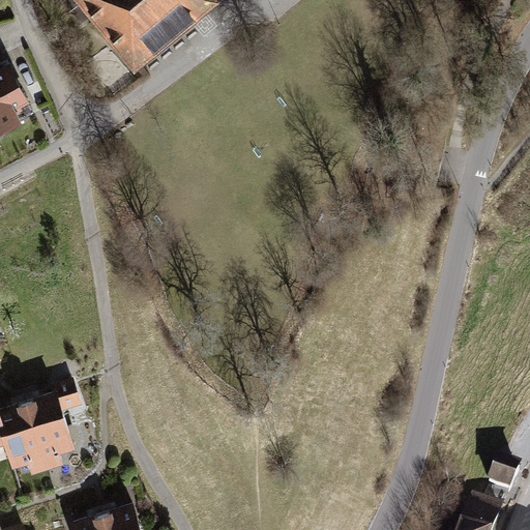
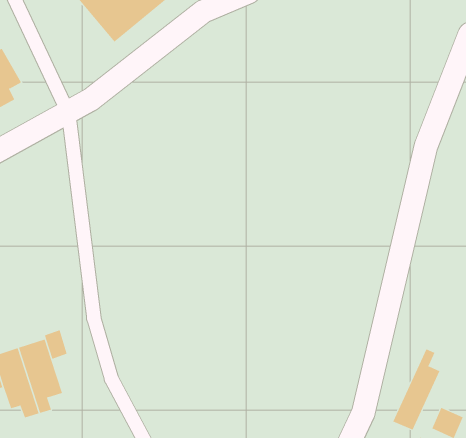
building: none -> [392,349,440,431]

